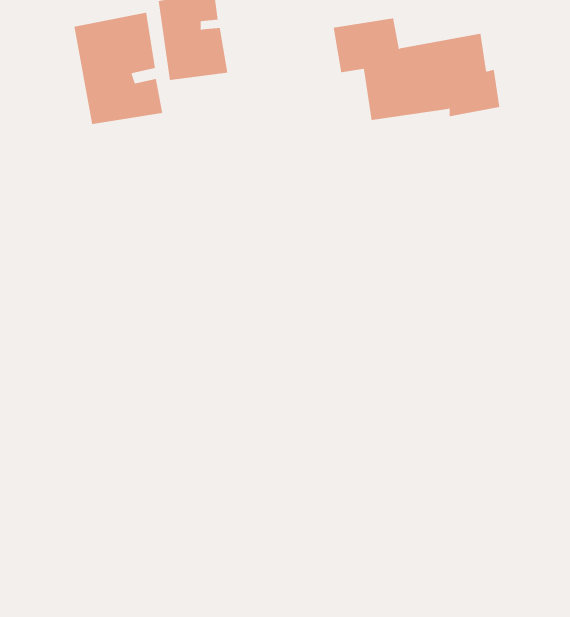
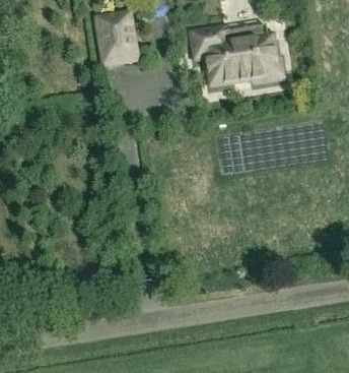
building: [74,12,163,125] -> none

